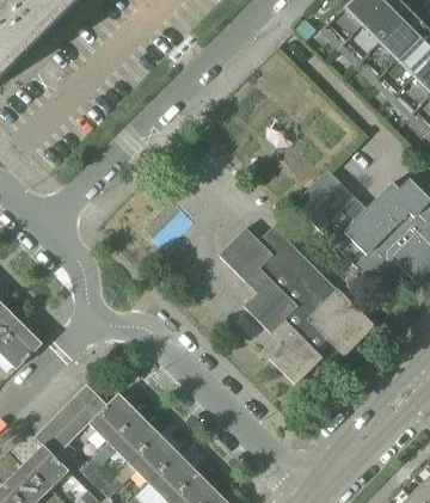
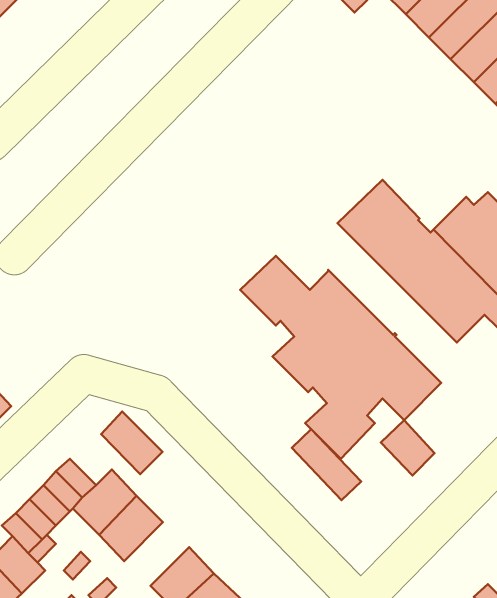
building: none -> [101,412,162,474]
building: none -> [381,420,435,476]
building: none -> [292,429,361,500]
building: [129,433,179,481] -> none

